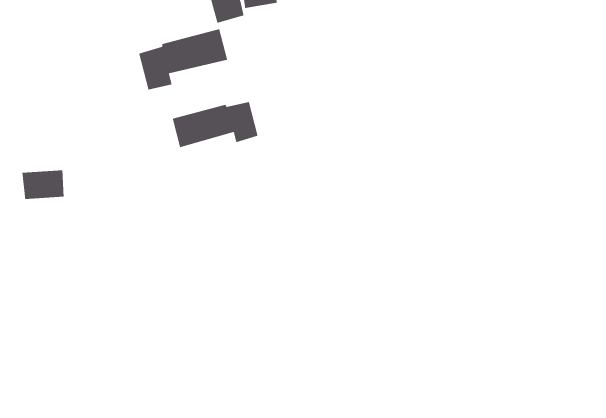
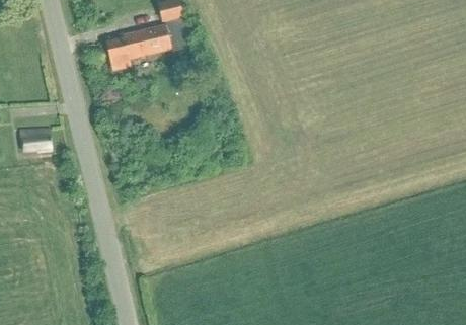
building: [172,101,259,148] -> none

